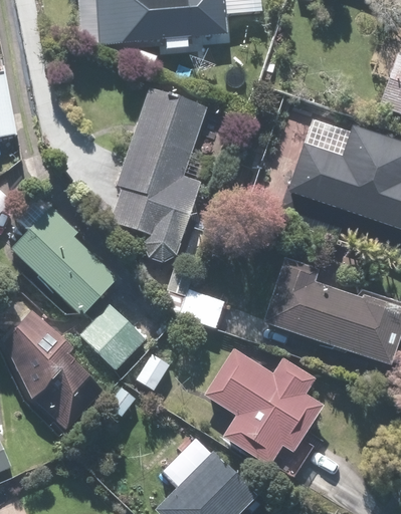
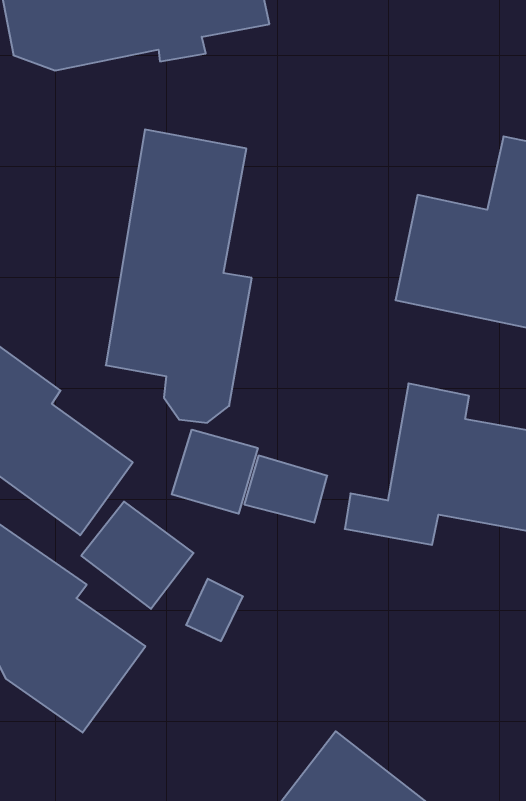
building: none -> [172,430,258,514]
building: [204,346,323,463] -> none

